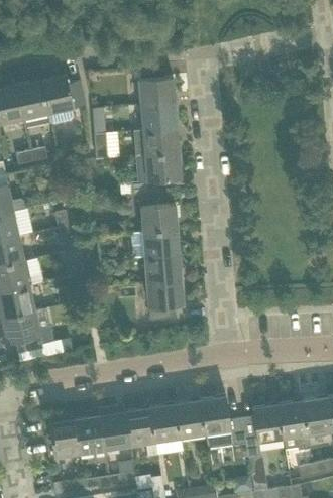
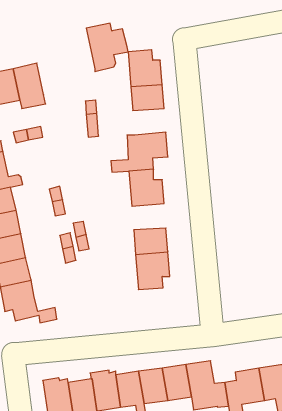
building: [41,76,86,127] -> [86,23,128,72]
building: [135,129,179,157] -> none
building: [130,230,179,259] -> none

